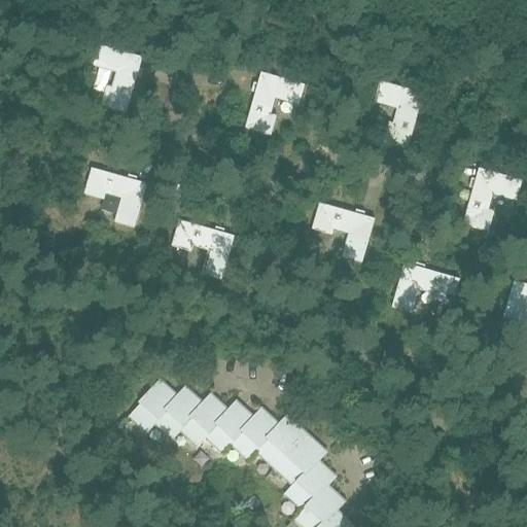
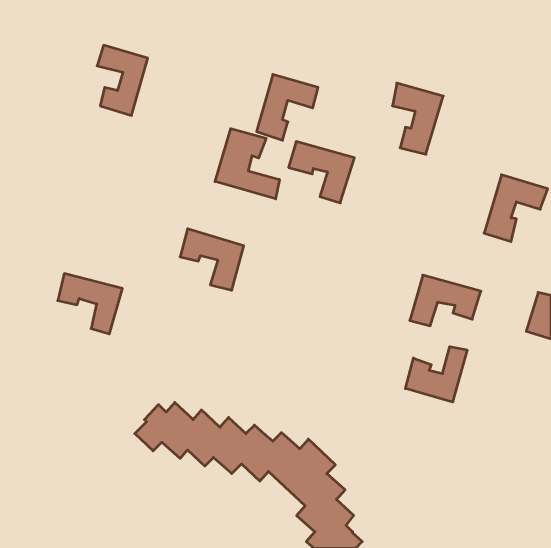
building: none -> [215,129,279,199]
building: [84,167,146,224] -> [58,274,122,334]
building: [312,203,375,261] -> [289,142,354,203]
building: none -> [405,347,467,402]

